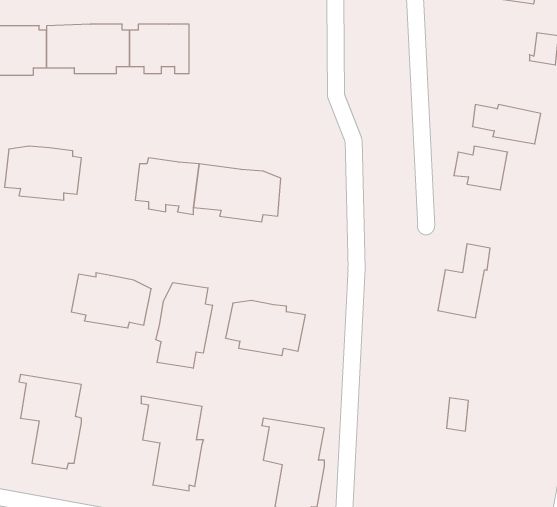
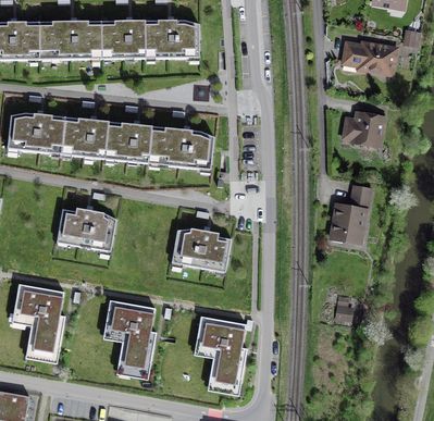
building: none -> [145,22,199,59]
building: [472,105,541,144] -> [344,44,395,73]
building: none -> [61,117,109,160]
building: [156,283,212,368] -> none

